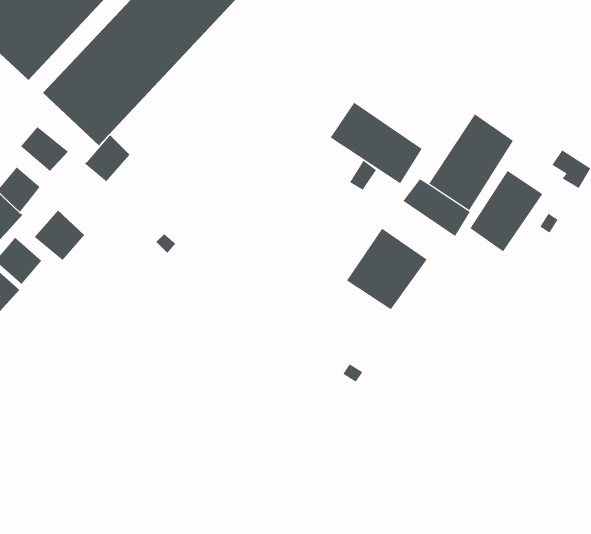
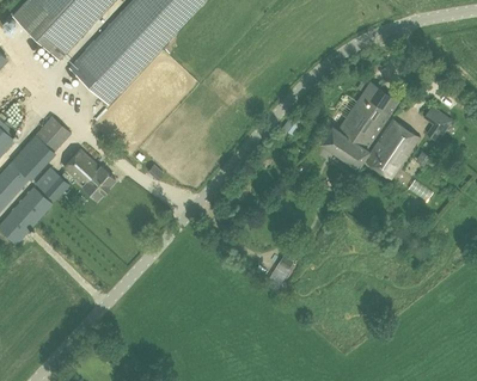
building: [330,102,422,184] -> none
building: [20,126,69,172] -> none
building: [84,134,131,182] -> [81,165,114,198]
building: [346,228,428,310] -> none

